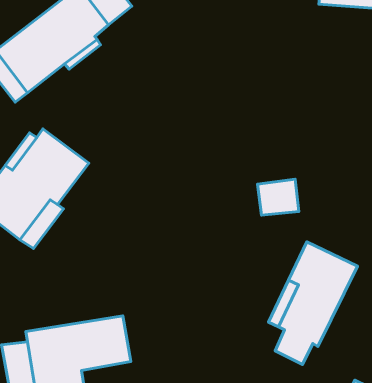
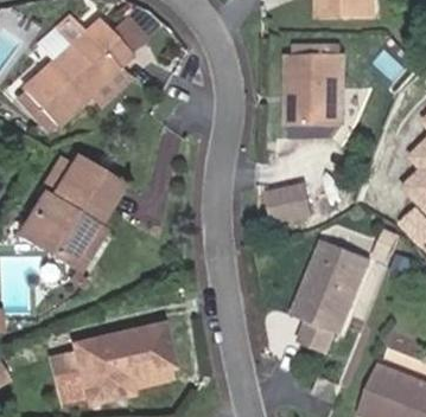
building: none -> [293,54,344,127]

